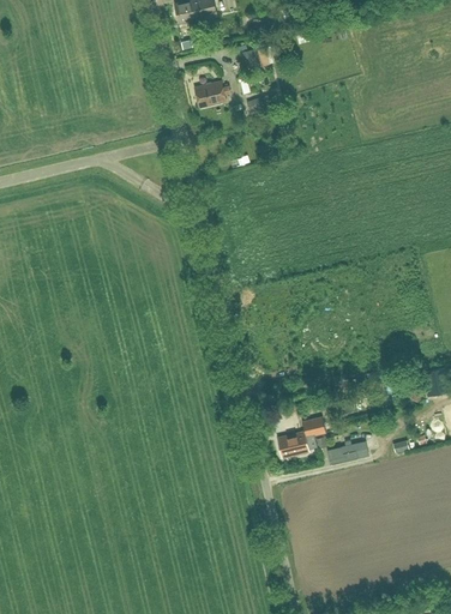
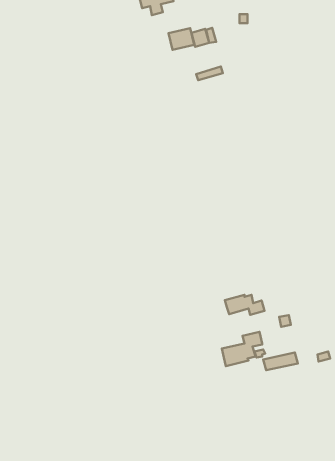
building: [196,80,227,107] -> [169,28,194,50]
building: none -> [225,295,264,315]

